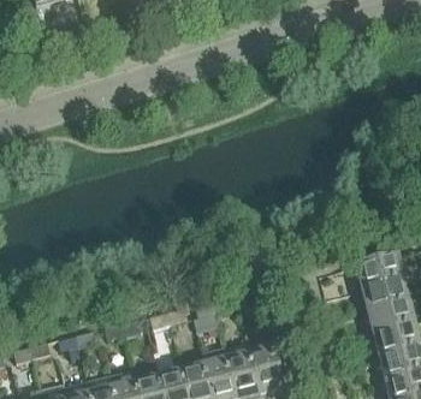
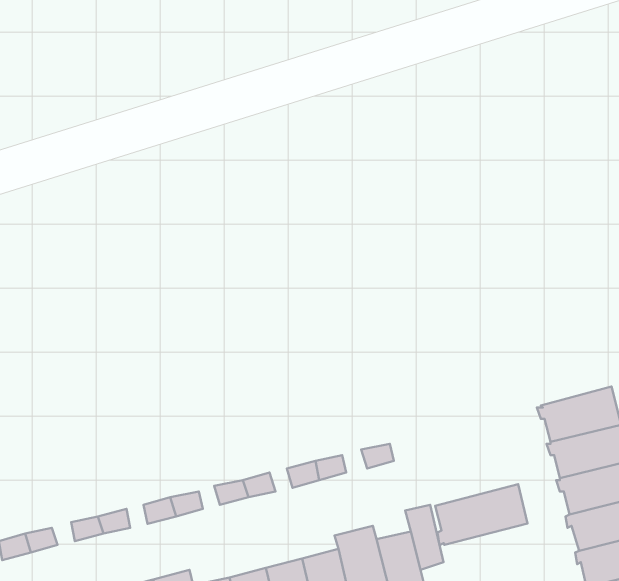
building: none -> [435,484,528,545]

